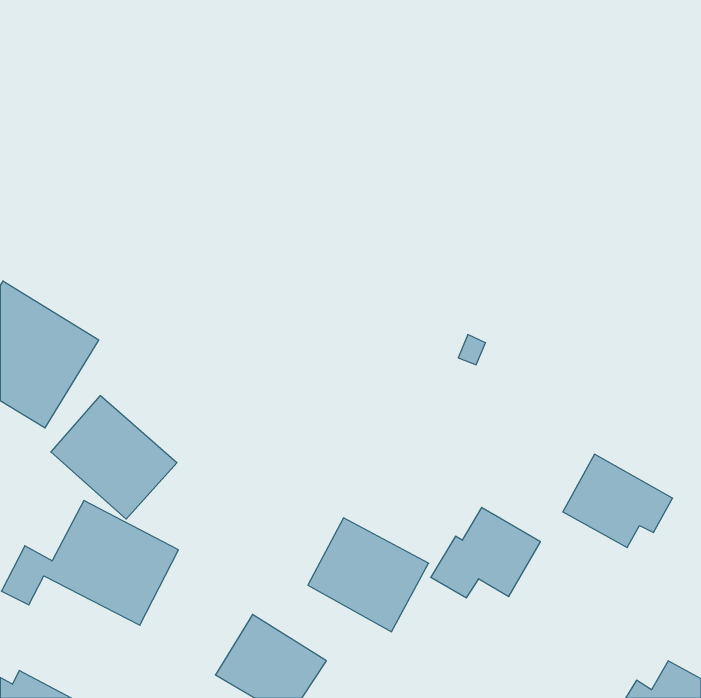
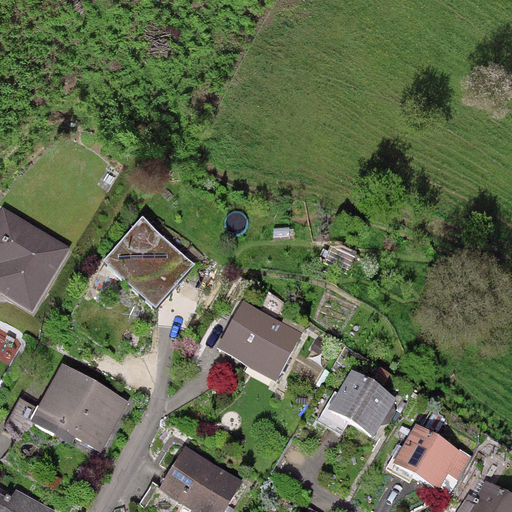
building: [51,396,177,519] -> [95,226,187,316]
building: [563,454,673,548] -> [392,423,472,491]
building: [308,518,429,632] -> [215,299,303,382]

